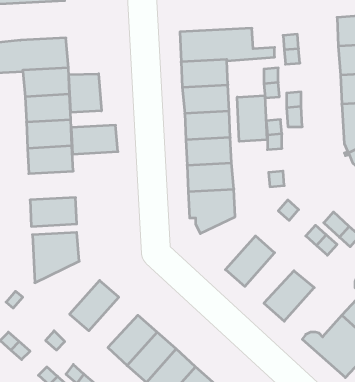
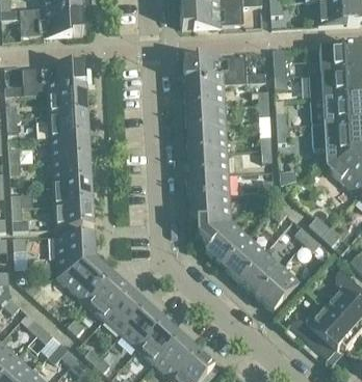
building: [69,74,101,112] -> none
building: [237,96,267,141] -> none
building: [71,125,118,154] -> [52,181,93,206]
building: none -> [201,220,249,266]
building: none -> [239,251,282,295]
building: none -> [57,258,113,304]
building: none -> [104,290,147,333]

